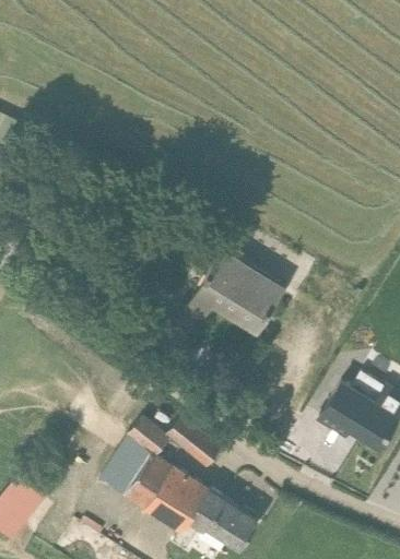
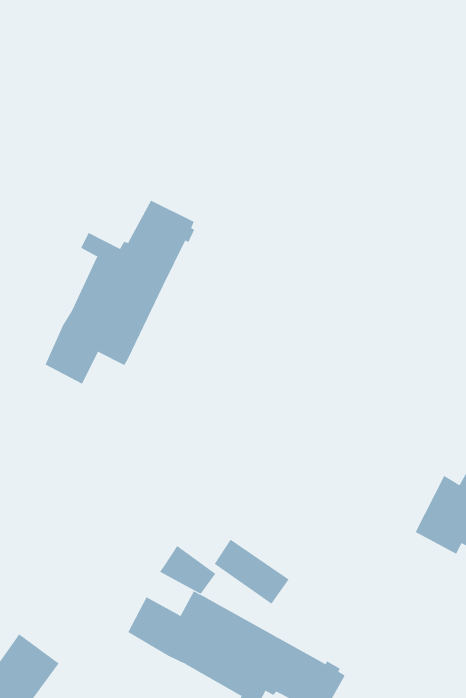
building: none -> [45,200,195,384]
building: [186,249,281,328] -> none

